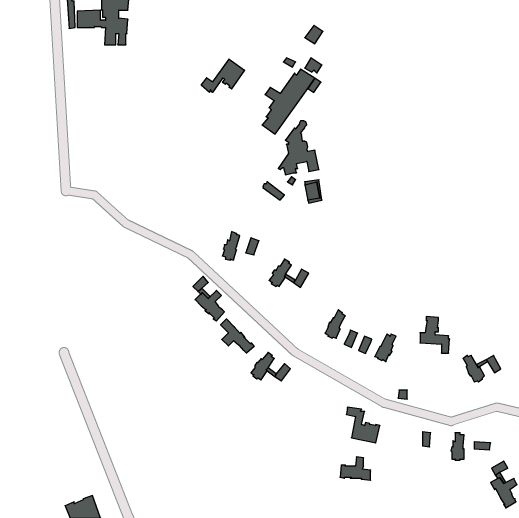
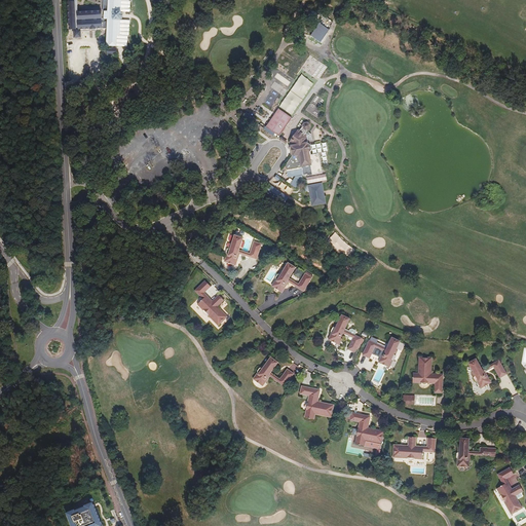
building: [201,59,245,92] -> none
building: [420,317,450,353] -> [413,355,443,392]
building: [221,319,254,353] -> none
building: none -> [300,385,334,418]
building: [340,457,371,480] -> [392,436,423,459]

